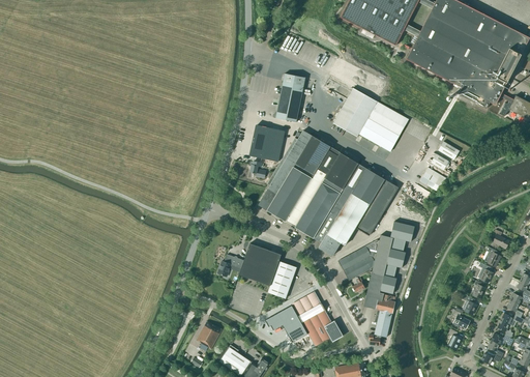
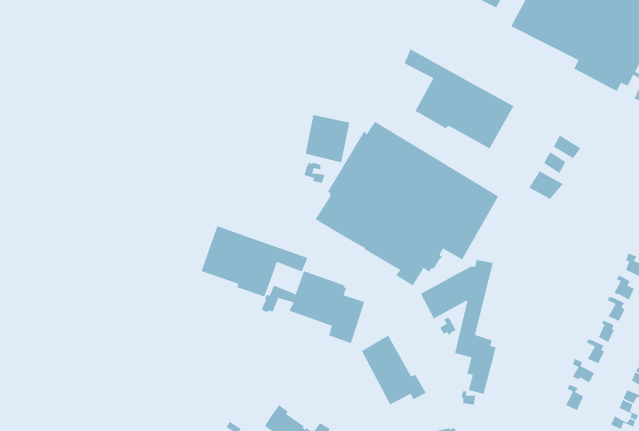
building: [272,73,305,121] -> none
building: none -> [201,225,309,297]
building: [380,221,414,293] -> none
building: [265,304,307,342] -> none
building: [197,320,222,348] -> none

